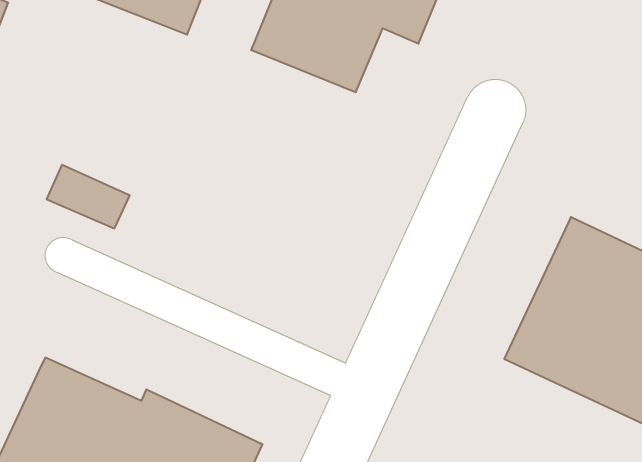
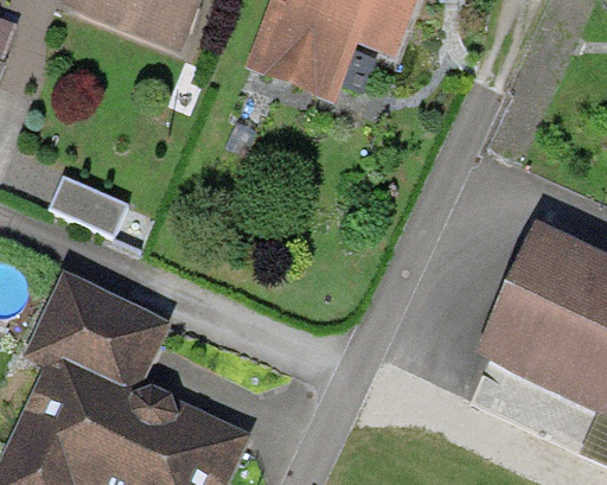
building: none -> [24,272,171,391]

